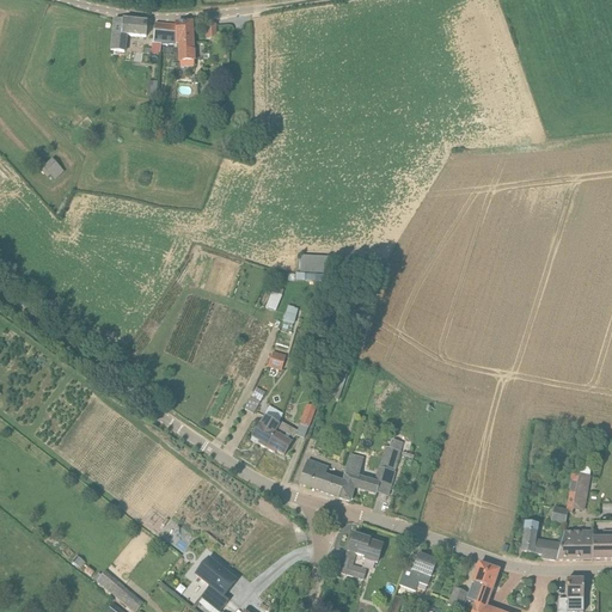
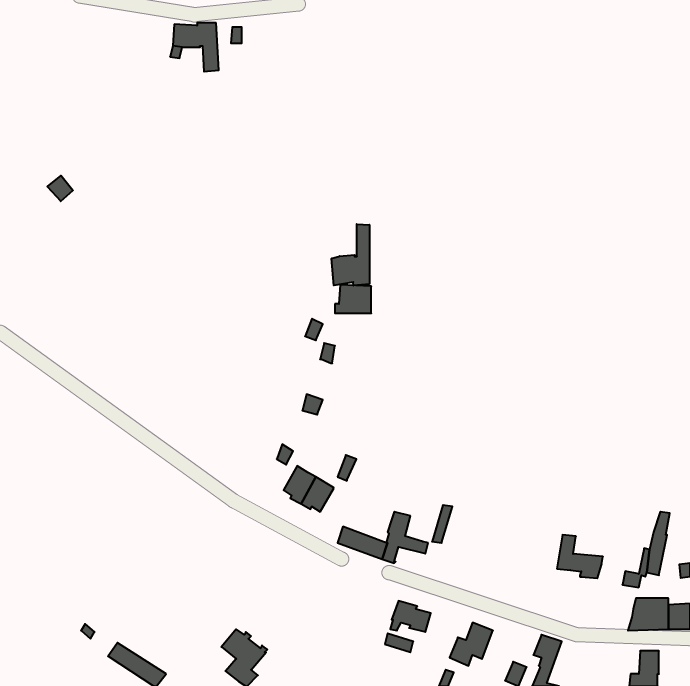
building: [110,17,147,49] -> none
building: none -> [332,224,369,286]
building: [520,520,561,558] -> [557,535,603,578]

